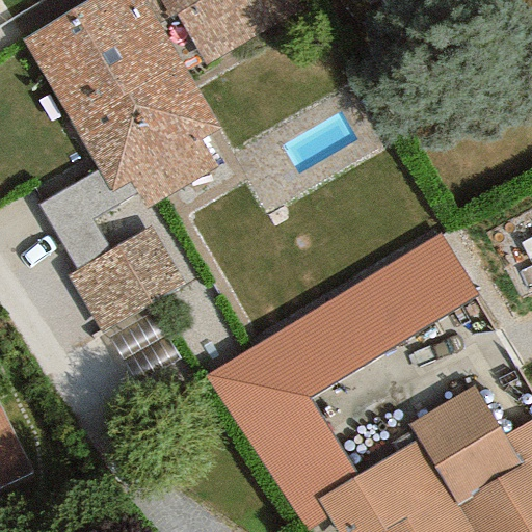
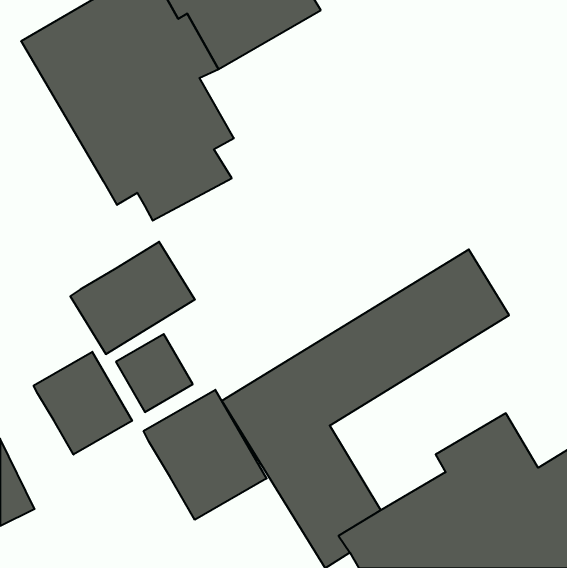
building: [38,169,137,270] -> none
building: none -> [34,352,132,455]
building: none -> [144,390,267,520]

